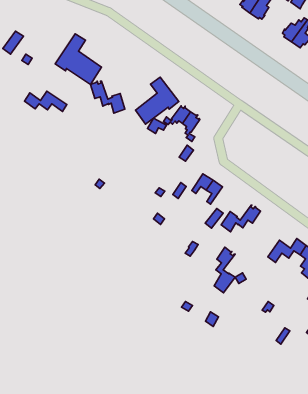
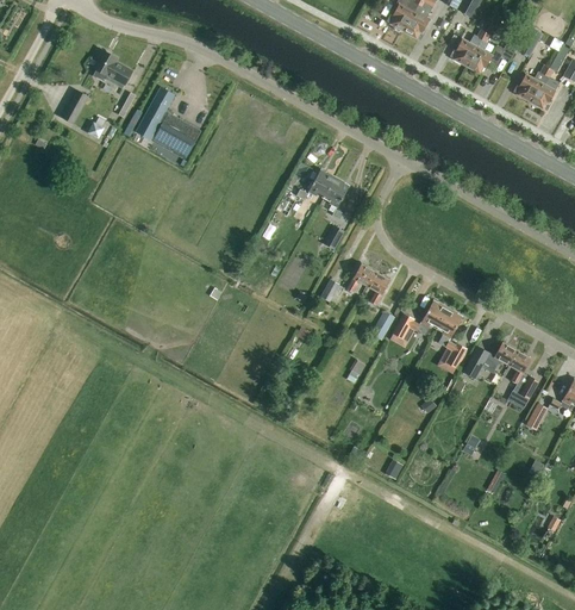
building: none -> [92,49,132,88]
building: [135,77,179,124] -> none
building: [90,81,125,113] -> none
building: [24,91,67,112] -> none
building: [214,247,235,293] -> [437,309,465,373]

